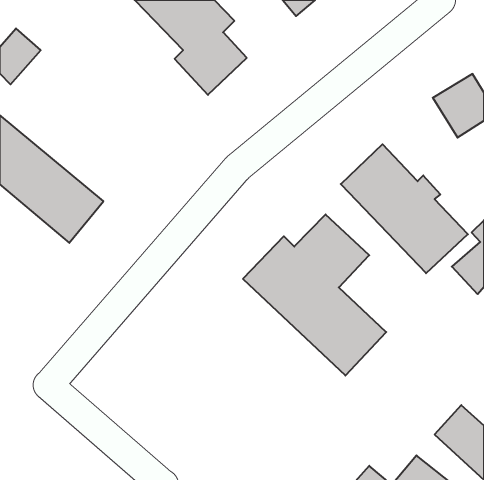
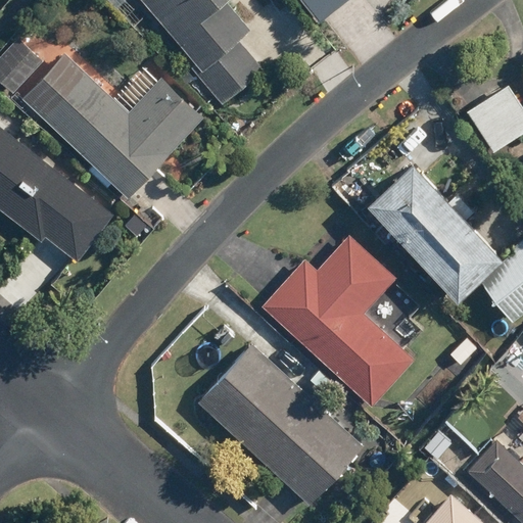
building: none -> [20,53,203,199]
building: none -> [197,344,364,506]

